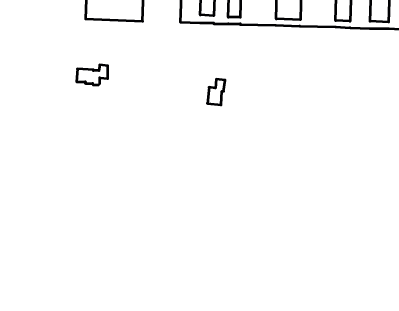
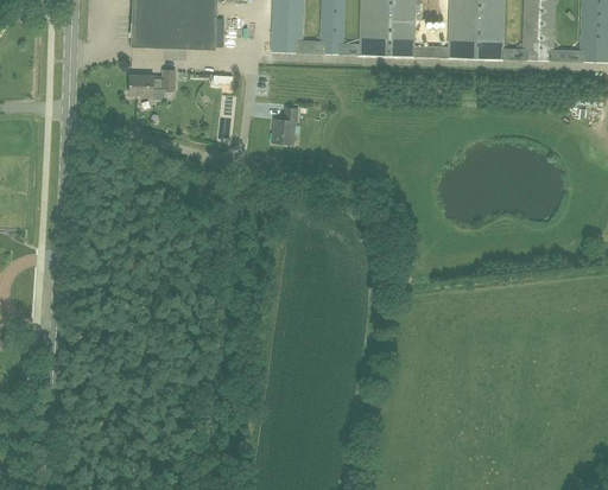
building: [77,65,108,85] -> [128,68,175,97]
building: [207,79,225,105] -> [272,106,298,144]

